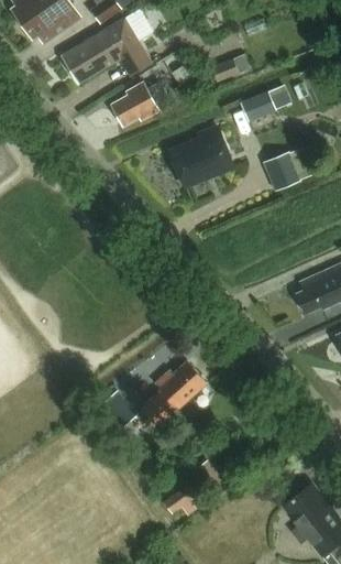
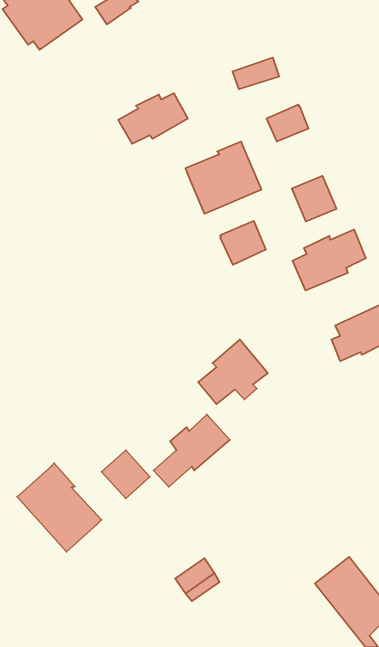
building: [62,18,153,85] -> none
building: none -> [220,221,266,265]
building: none -> [293,229,366,291]
building: none -> [198,340,268,404]
building: none -> [17,463,101,552]

